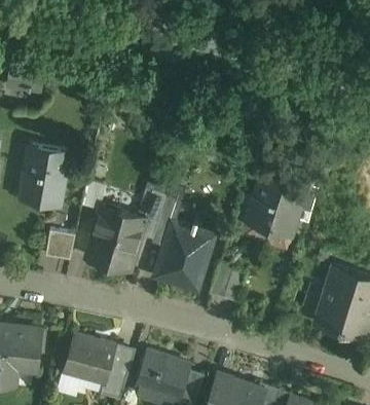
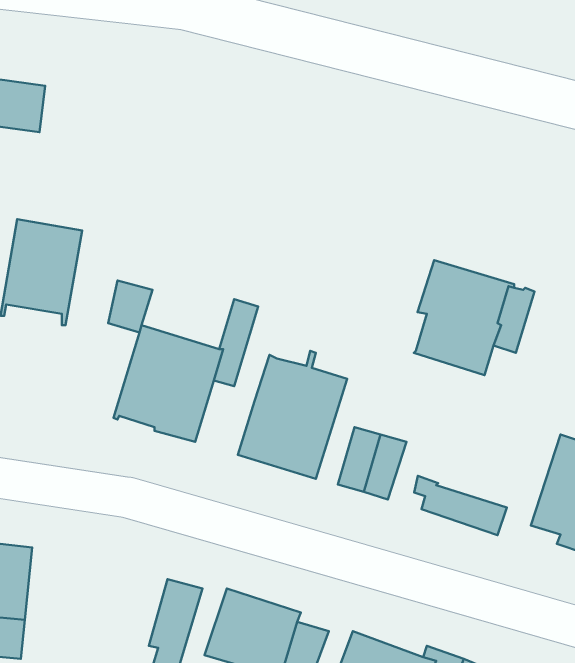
building: [151,195,183,247] -> none
building: [239,215,291,248] -> [414,476,507,535]
building: [45,229,76,258] -> none
building: [64,334,115,382] -> none

